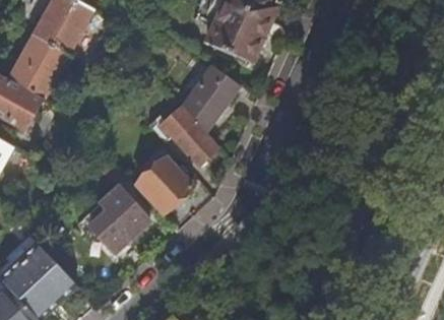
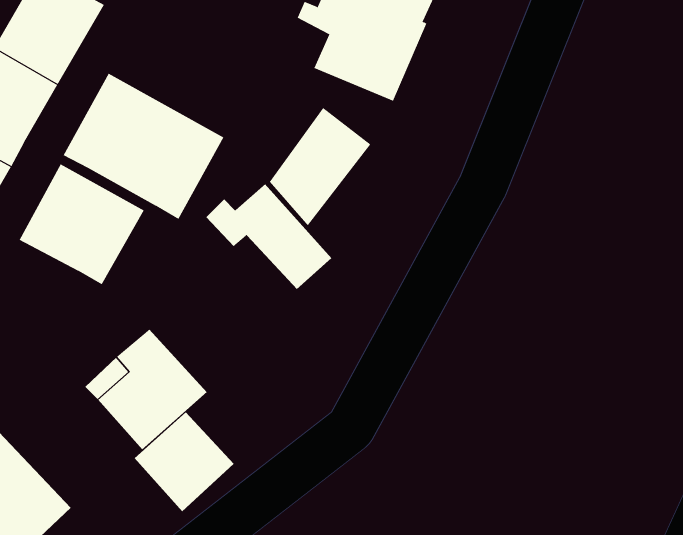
building: none -> [63,73,224,220]
building: none -> [19,163,145,285]
building: [137,159,192,214] -> [134,412,234,512]

